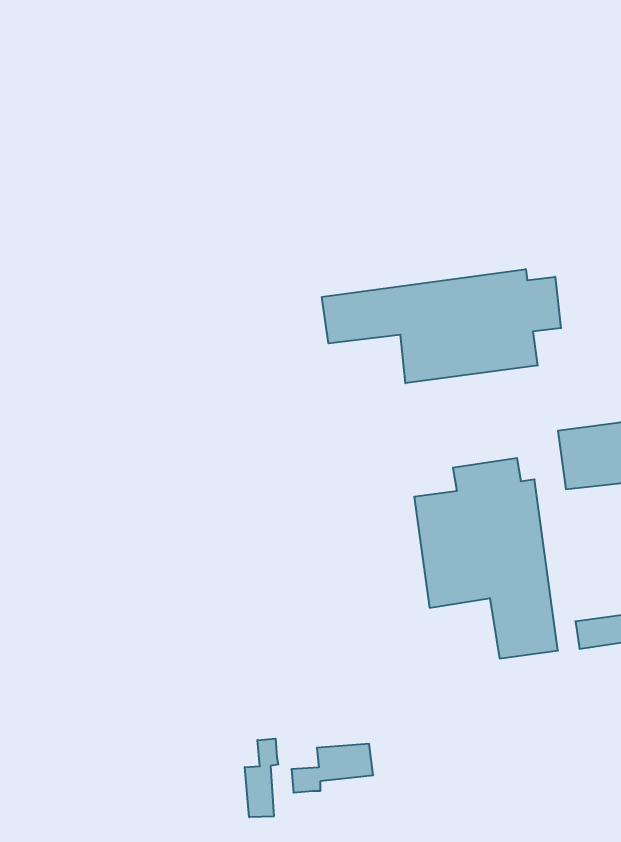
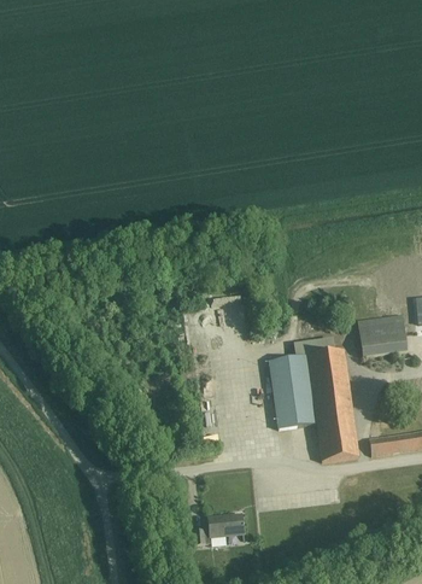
building: [322,269,561,383] -> none
building: [245,739,278,817] -> none

